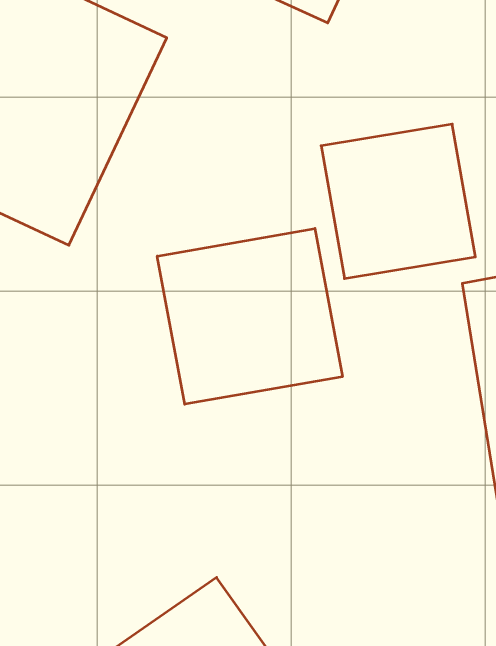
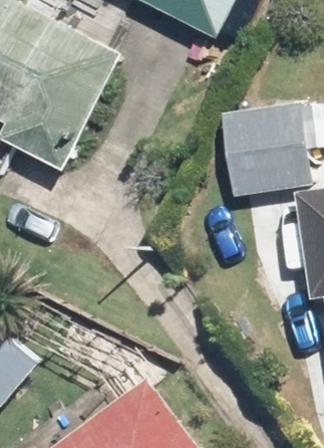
building: [157,228,342,404] -> none

